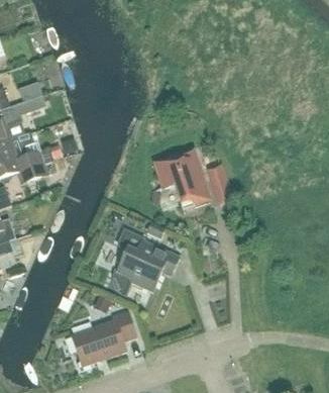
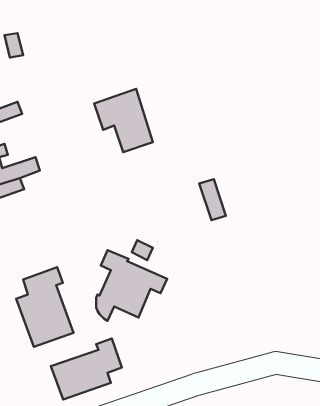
building: [155,149,209,206] -> [94,89,153,152]
building: none -> [16,267,74,347]

